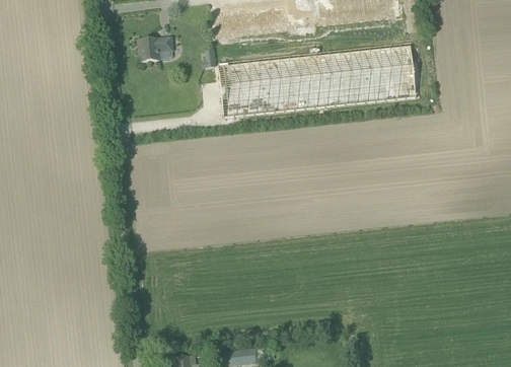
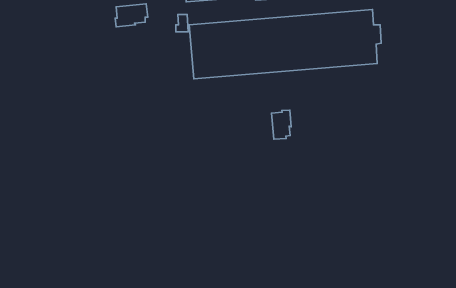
building: none -> [271,110,291,139]

